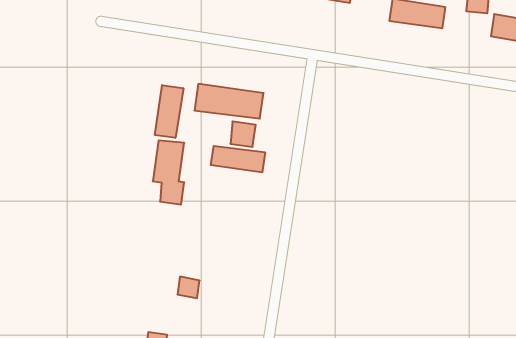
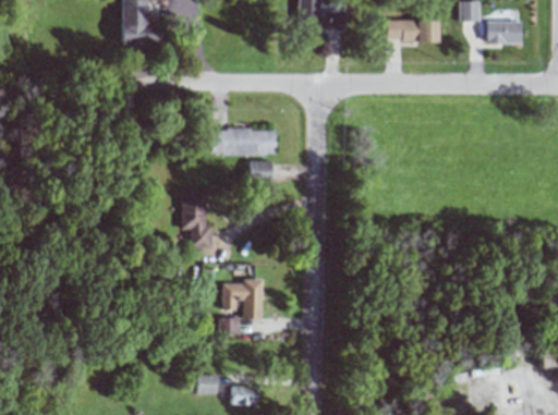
building: [155,85,183,138] -> none
building: [211,146,265,172] -> none
building: none -> [223,279,265,319]

